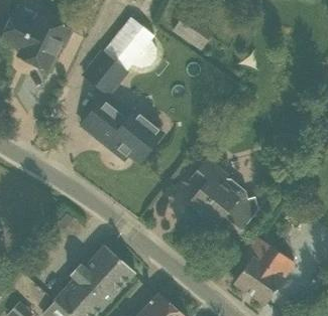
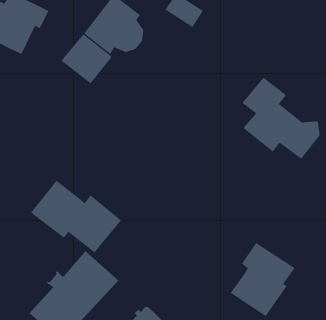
building: [82,98,163,163] -> [30,180,122,253]
building: [189,158,259,231] -> [242,77,321,159]

